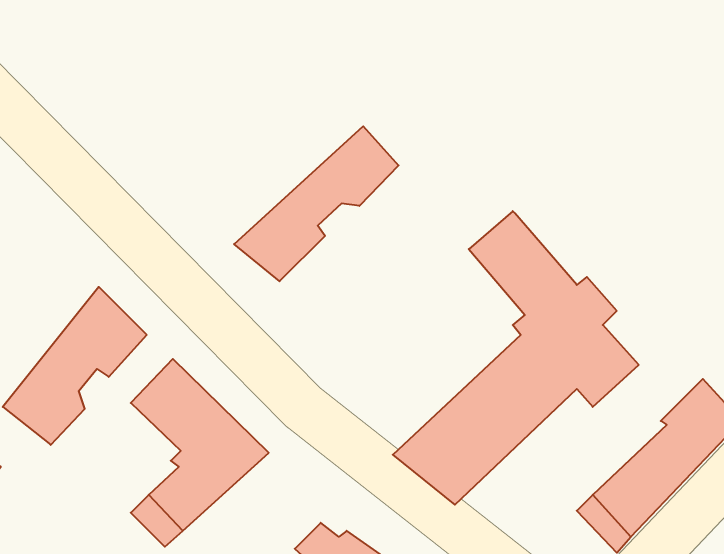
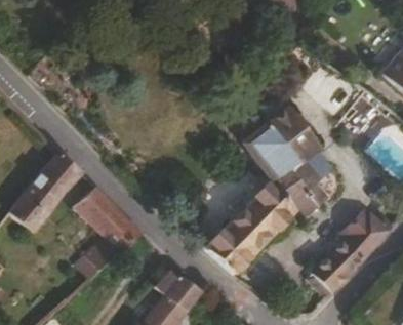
building: [234,126,399,281] -> none
building: none -> [271,100,323,155]

